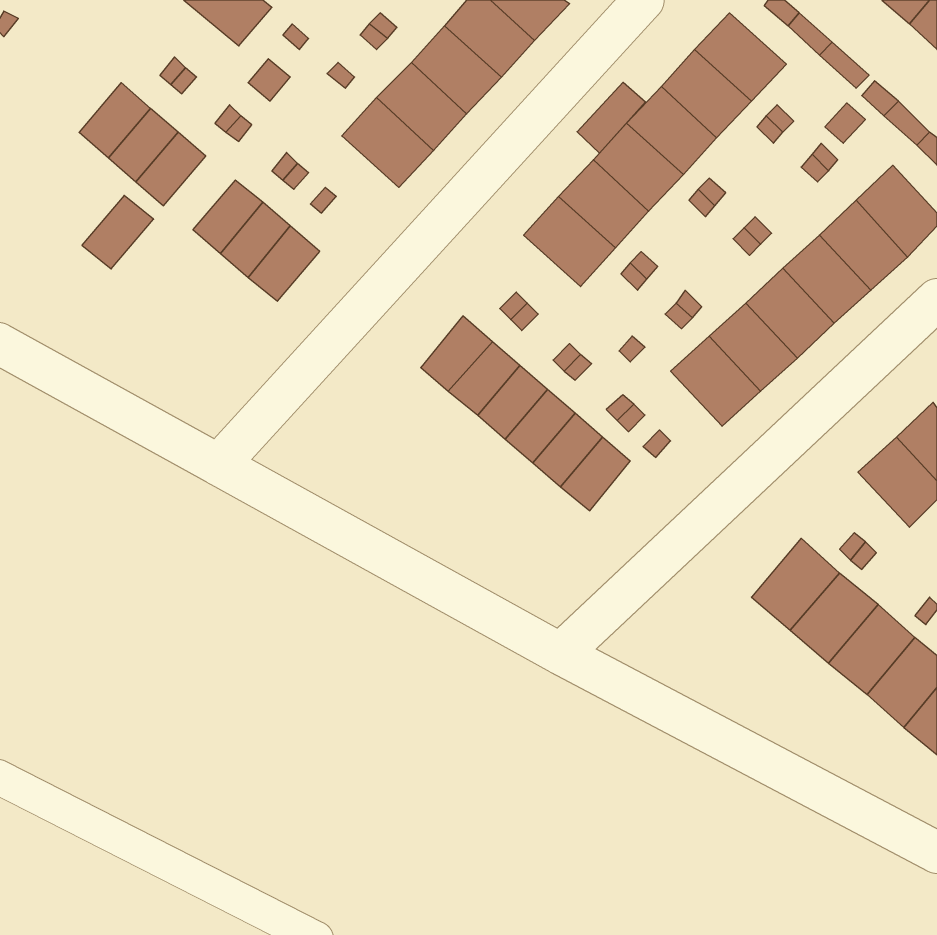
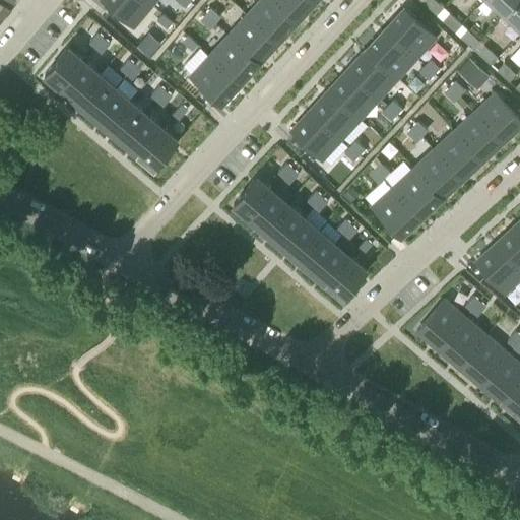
building: [577,82,646,153] -> none
building: [82,195,154,269] -> [90,88,130,129]
building: none -> [326,257,365,299]

